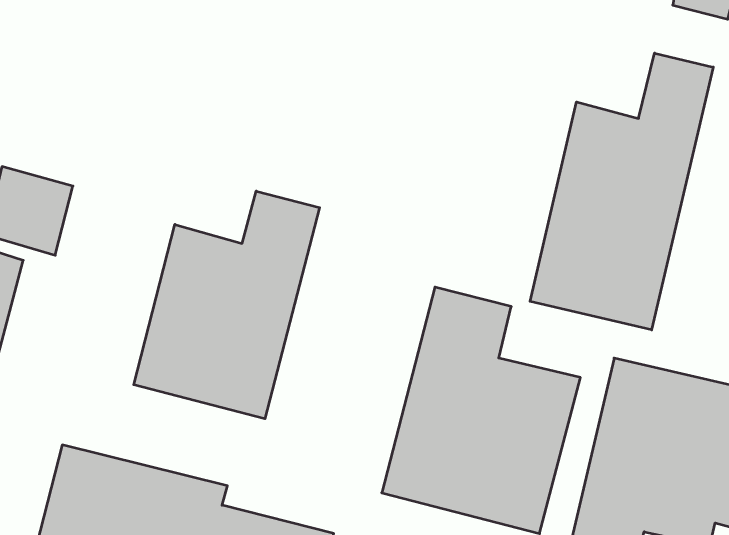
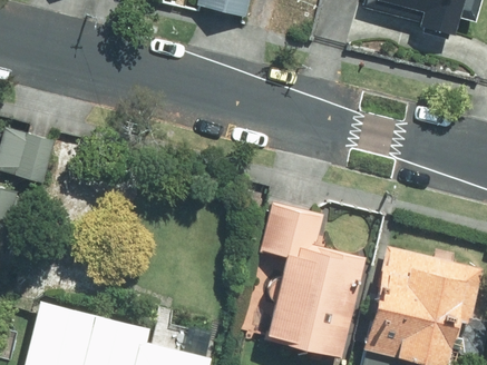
building: [530,53,713,330] -> none
building: [134,191,320,419] -> none

